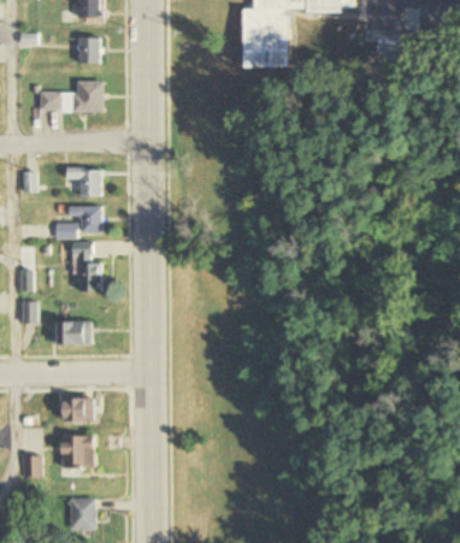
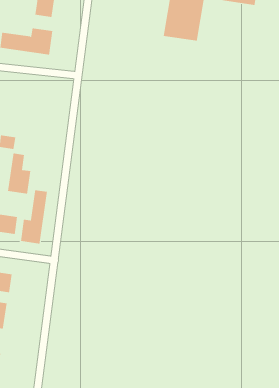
building: [66,166,100,194] -> none
building: [66,205,100,231] -> none
building: none -> [20,189,47,244]

